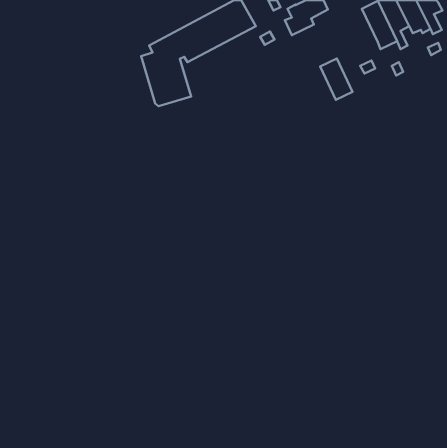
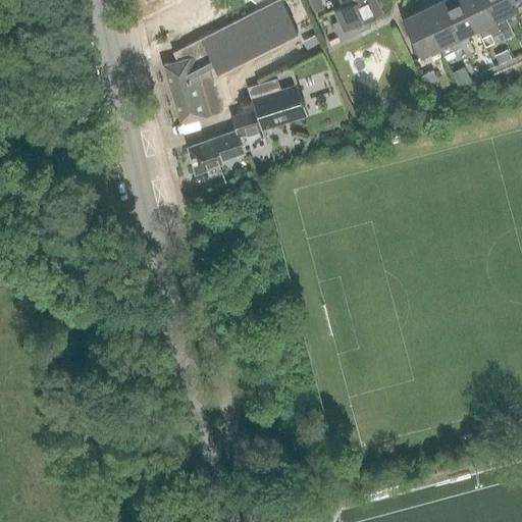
building: [320,59,353,100] -> [403,10,440,58]
building: none -> [189,79,308,174]

